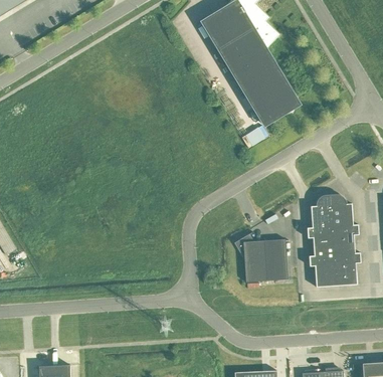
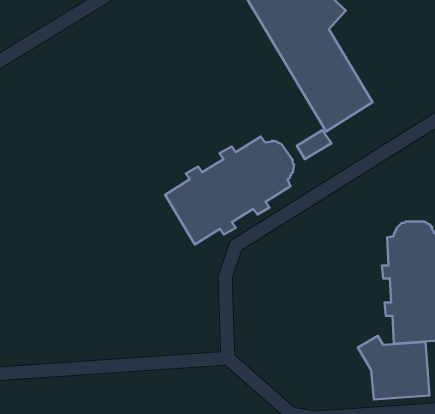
building: none -> [165,136,294,245]
building: [234,233,289,281] -> [358,336,429,399]

